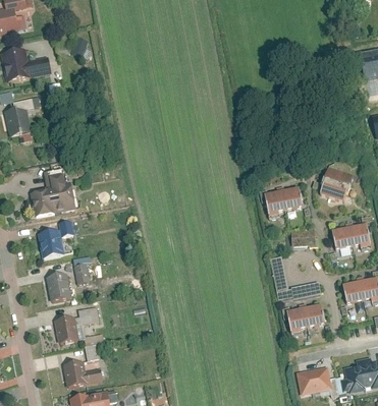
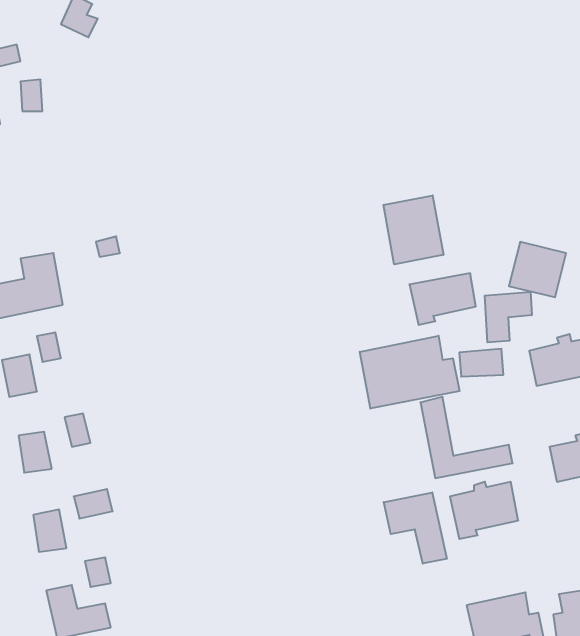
building: none -> [383,195,443,264]
building: none -> [485,292,532,342]
building: none -> [360,336,460,409]
building: none -> [384,492,447,564]

